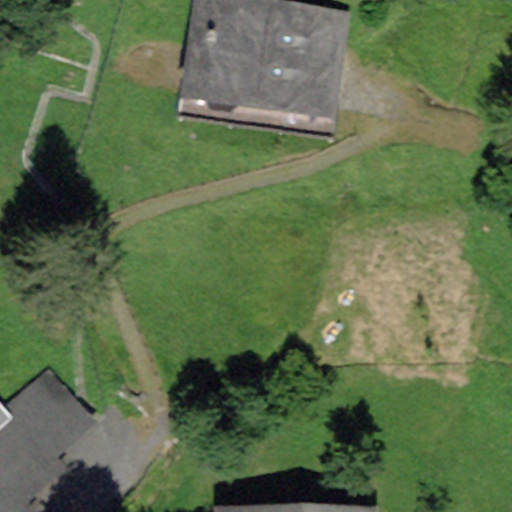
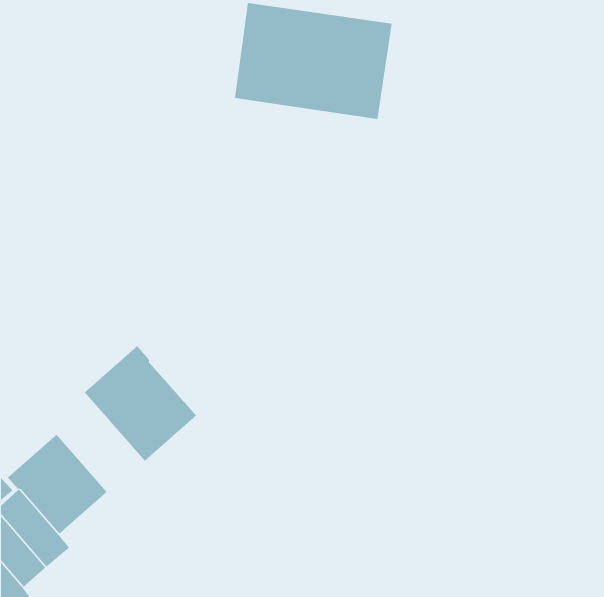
building: none -> [84,345,197,461]

